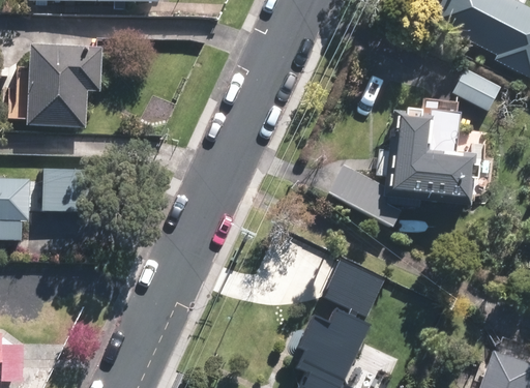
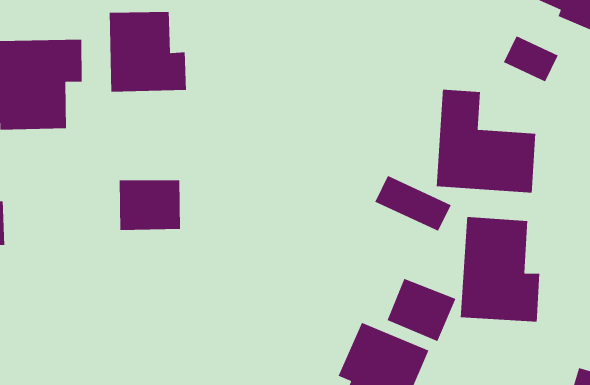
building: none -> [109,11,187,92]
building: [40,170,93,214] -> [119,179,181,231]
building: none -> [460,216,540,323]

